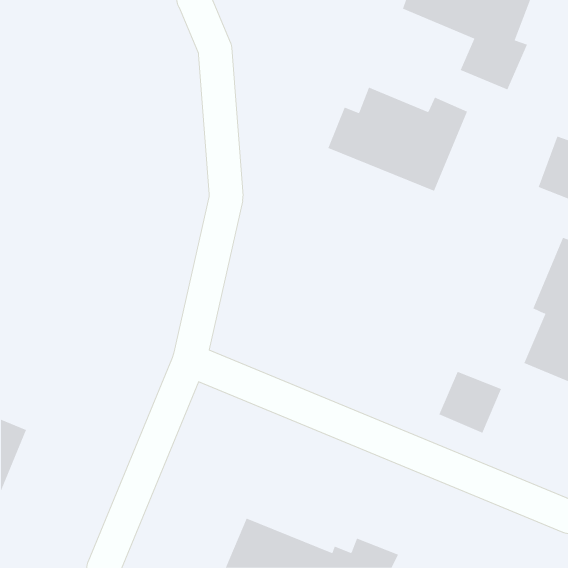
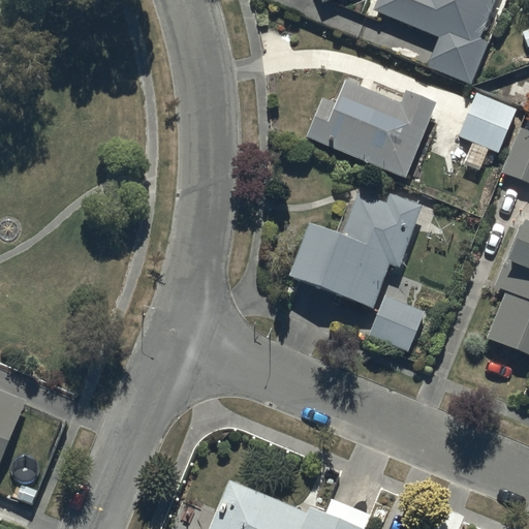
building: none -> [460,91,519,152]
building: none -> [287,192,421,310]
building: [438,371,502,433] -> [367,294,426,352]

